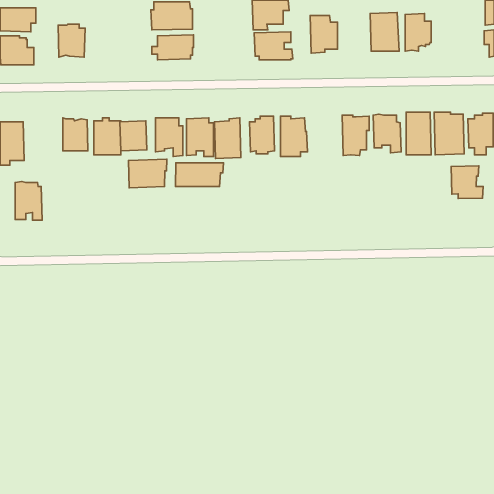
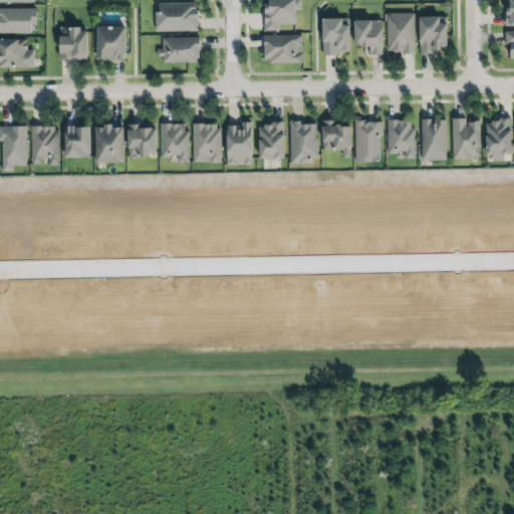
building: none -> [355,18,383,53]
building: none -> [98,25,127,57]
building: none -> [319,120,348,159]
building: [128,159,167,188] -> none
building: [175,163,224,186] -> none
building: [451,166,483,199] -> none
building: [15,182,42,220] -> [32,124,60,165]

